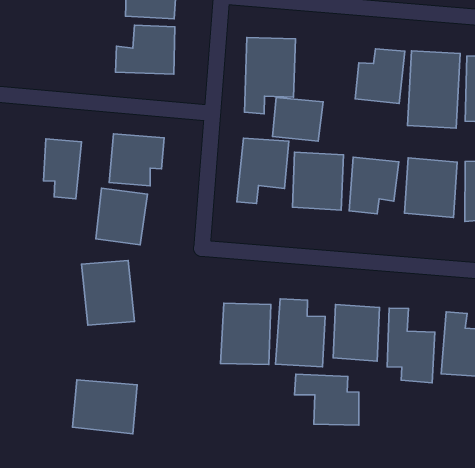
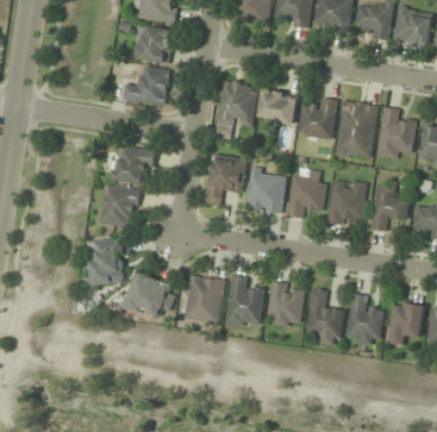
building: [273,97,323,141] -> [258,89,298,124]
building: [43,139,82,199] -> none
building: [295,374,359,425] -> none
building: [72,380,137,434] -> [125,275,175,318]

